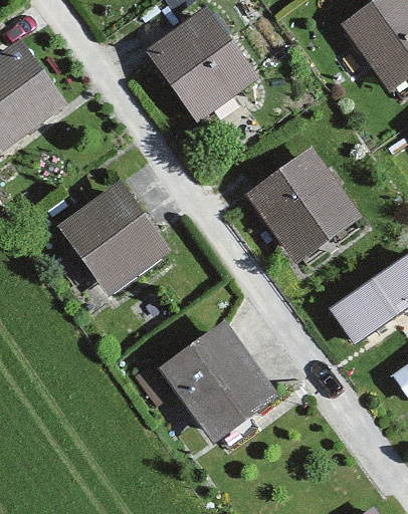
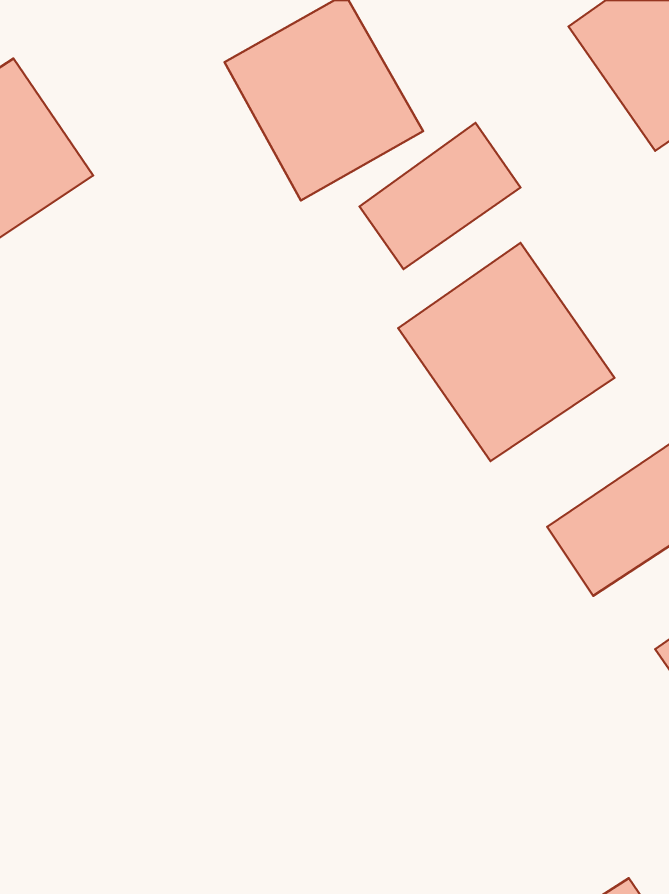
building: none -> [359,123,521,269]
building: [57,179,172,295] -> none
building: [160,322,280,446] -> none

